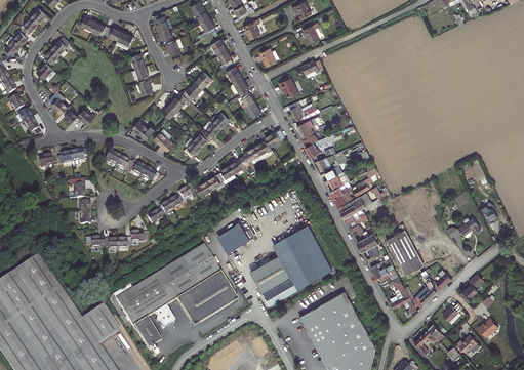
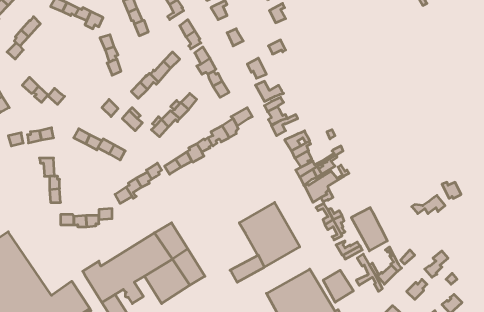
building: [217,222,250,253] -> none
building: [250,255,291,293] -> none
building: none -> [323,270,353,302]

